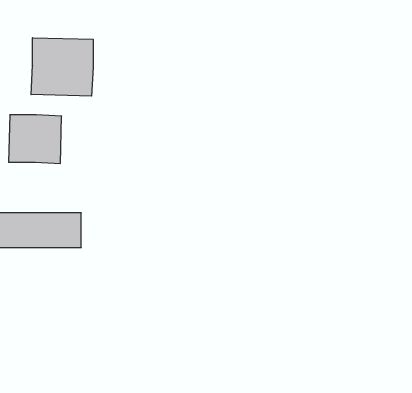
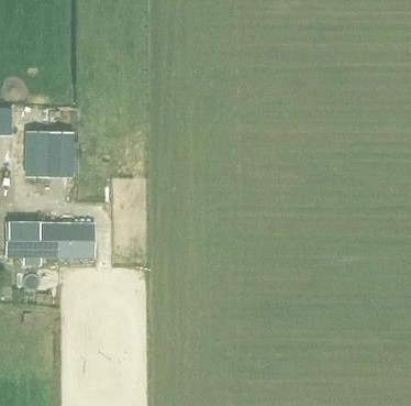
building: [31,38,93,96] -> none

